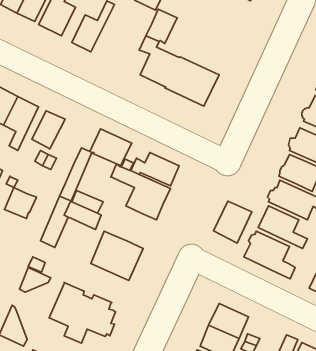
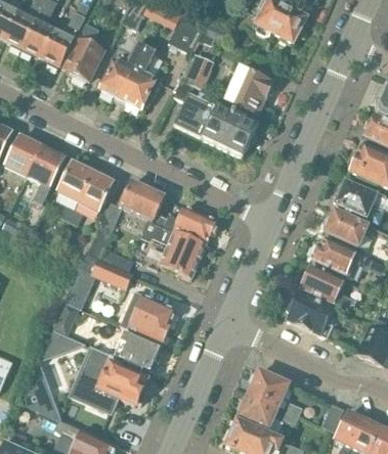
building: none -> [120,46,156,107]
building: none -> [222,65,272,115]
building: none -> [76,170,113,212]
building: [4,188,36,218] -> none
building: [214,201,252,243] -> none
building: none -> [113,330,160,370]

